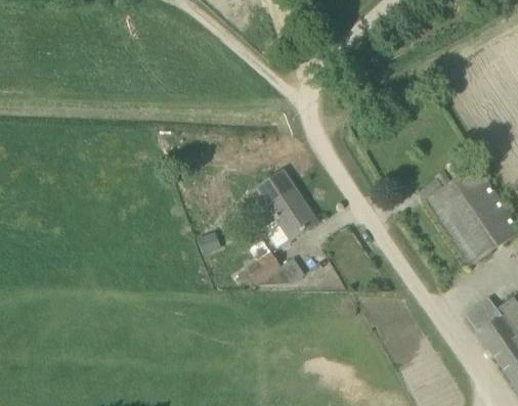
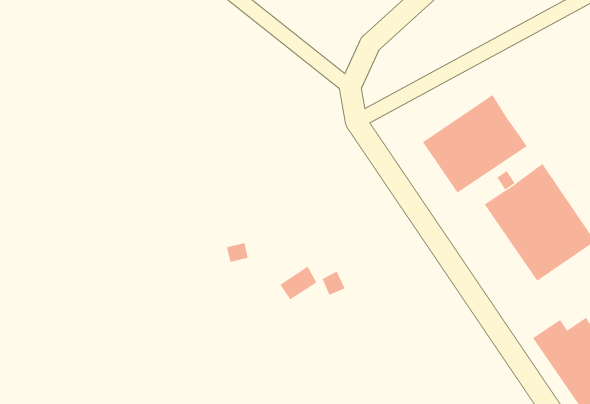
building: none -> [422,94,528,194]
building: [250,170,317,247] -> none

